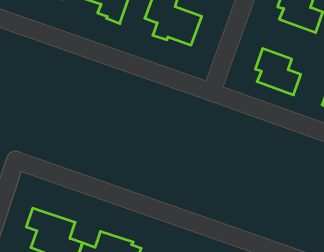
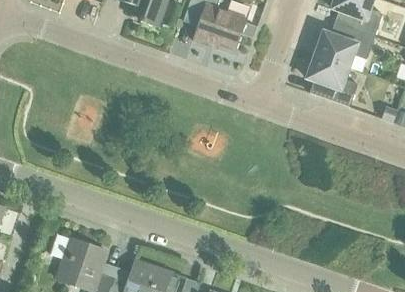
building: none -> [315,22,375,67]

